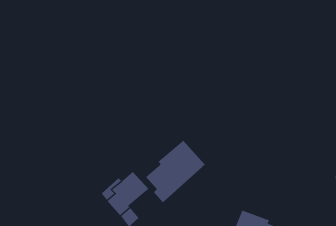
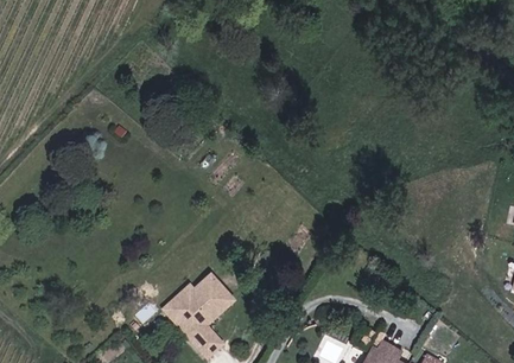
building: [145,140,206,203] -> none

